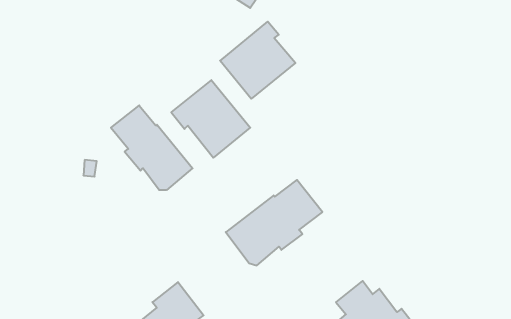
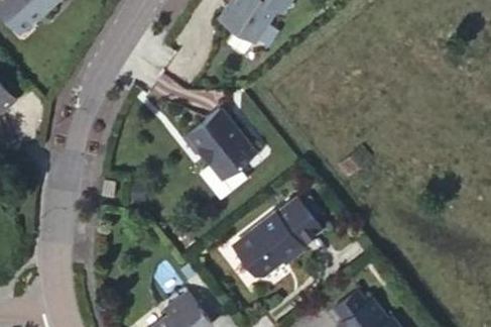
building: [220,22,295,99] -> none
building: [111,105,193,190] -> none

